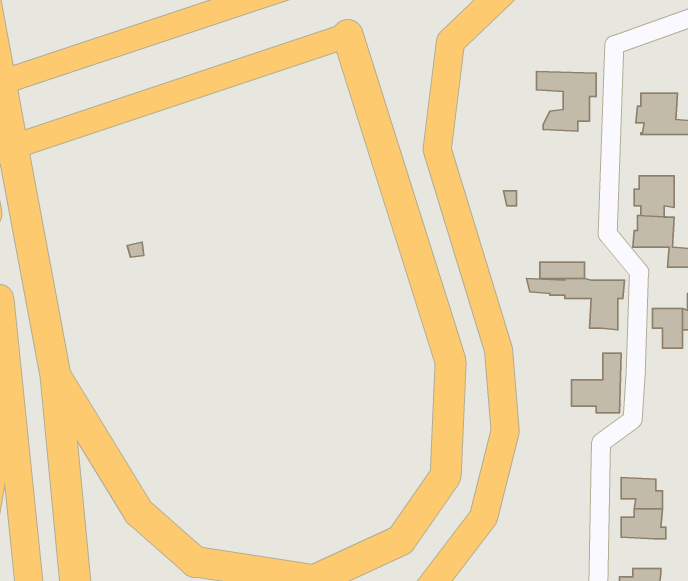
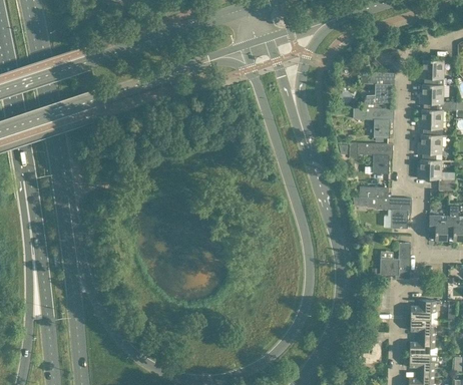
building: none -> [420,58,446,84]
building: none -> [353,106,394,137]
building: none -> [419,109,443,134]
building: none -> [349,141,393,172]
building: none -> [410,299,435,318]
building: none -> [409,353,434,372]

